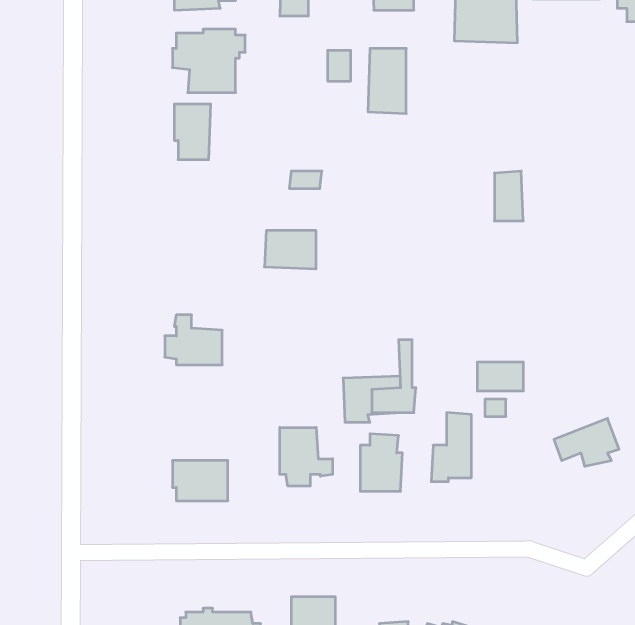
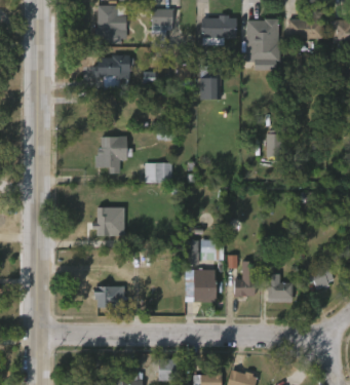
building: none -> [94,136,131,174]
building: [477,362,523,391] -> [267,282,291,298]
building: [280,427,333,486] -> none

